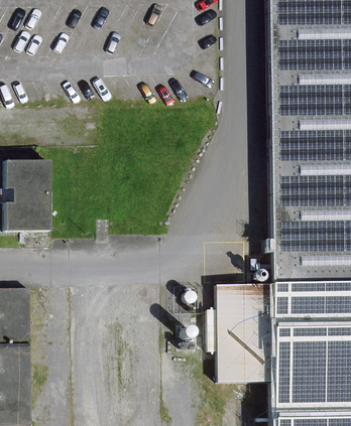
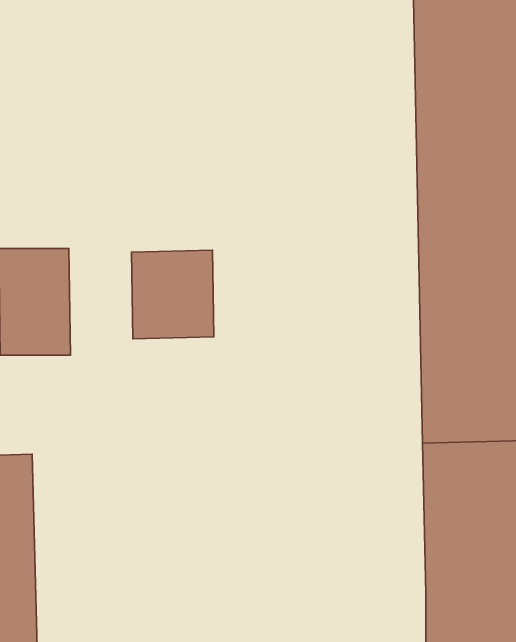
building: none -> [131,250,214,339]
building: [216,287,274,383] -> none

